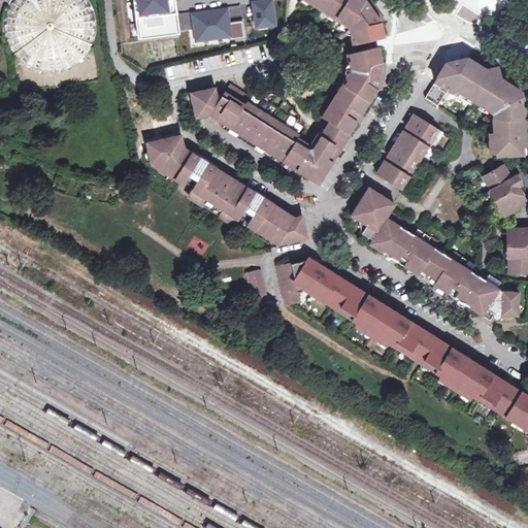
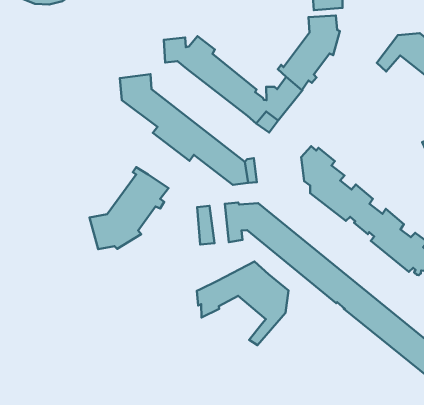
building: [378,110,438,186] -> none
building: none -> [90,167,168,249]
building: none -> [197,262,288,345]

